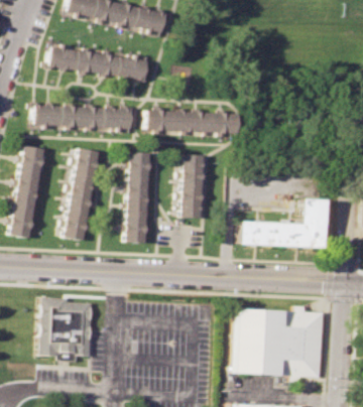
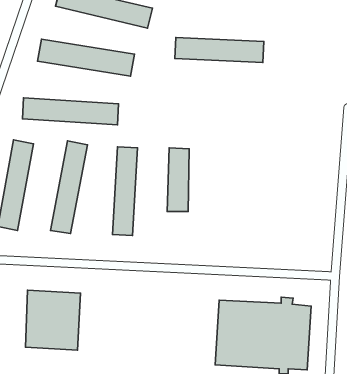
building: [146,110,236,135] -> [175,38,264,63]
building: [238,202,333,251] -> none

